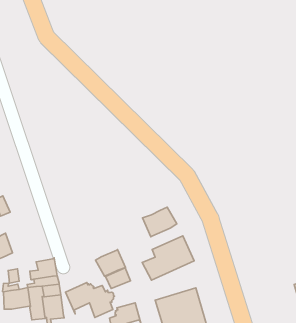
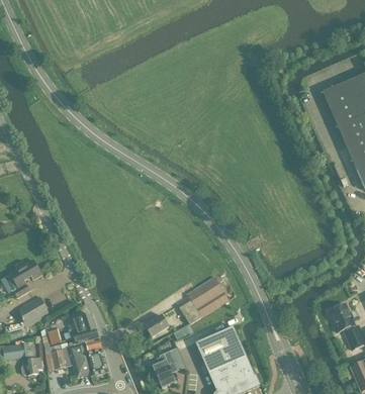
building: [142,207,177,237] -> none
building: [96,249,126,276] -> none
building: [65,282,114,317] -> none

